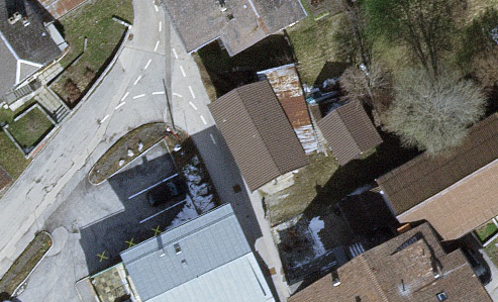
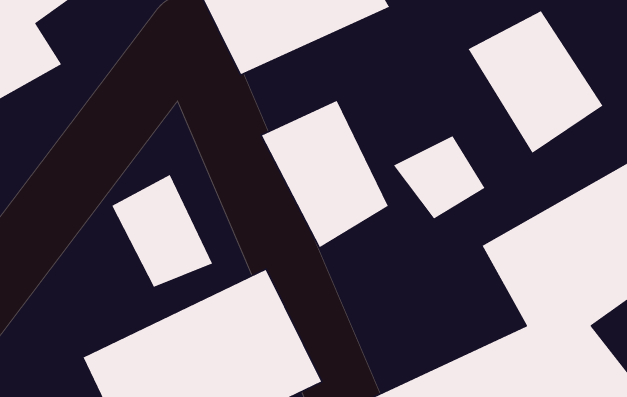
building: none -> [468,10,603,154]
building: none -> [111,174,213,288]

